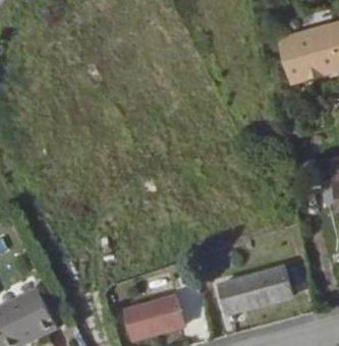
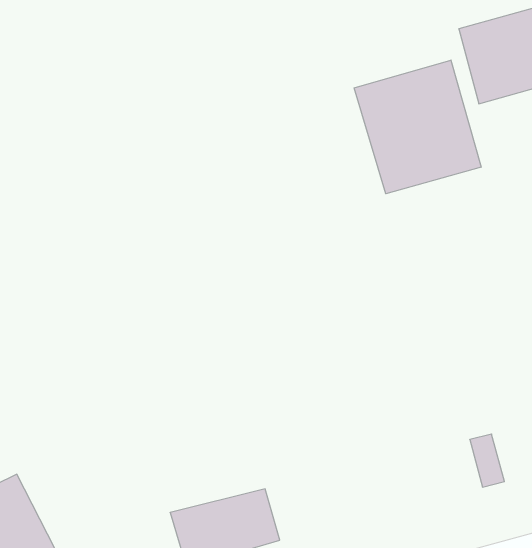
building: none -> [354,60,481,194]
building: [216,268,291,314] -> none

